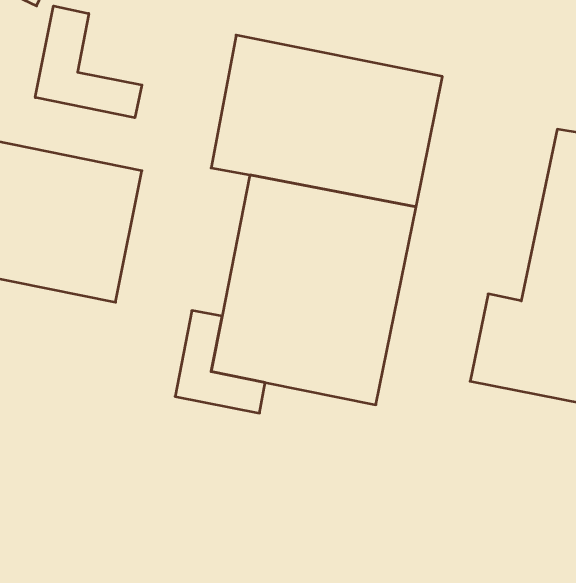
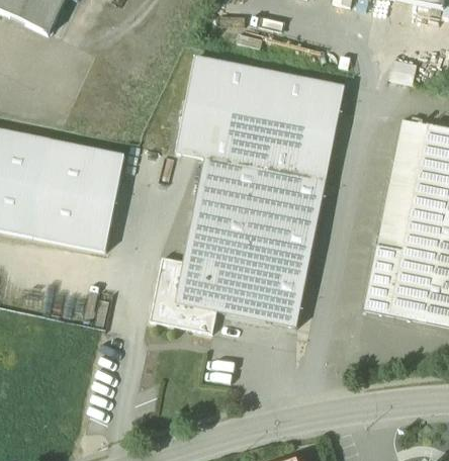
building: [35,6,142,118] -> none
building: none -> [378,118,429,249]

